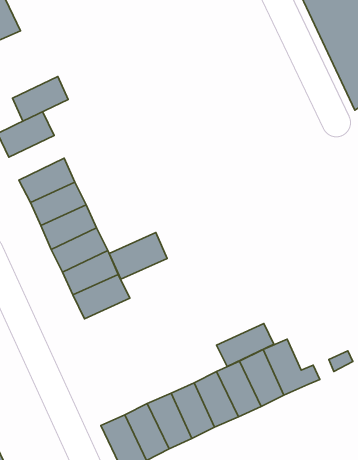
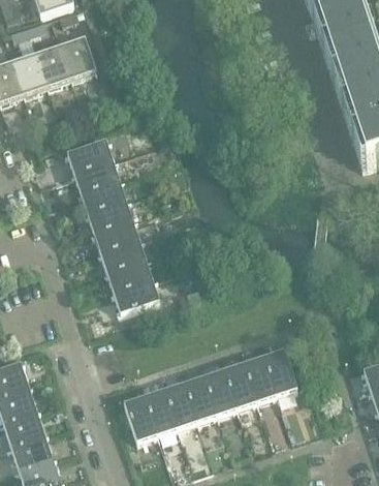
building: [13,77,68,121] -> [73,159,119,192]
building: [109,233,167,279] -> none
building: [216,323,274,367] -> none

